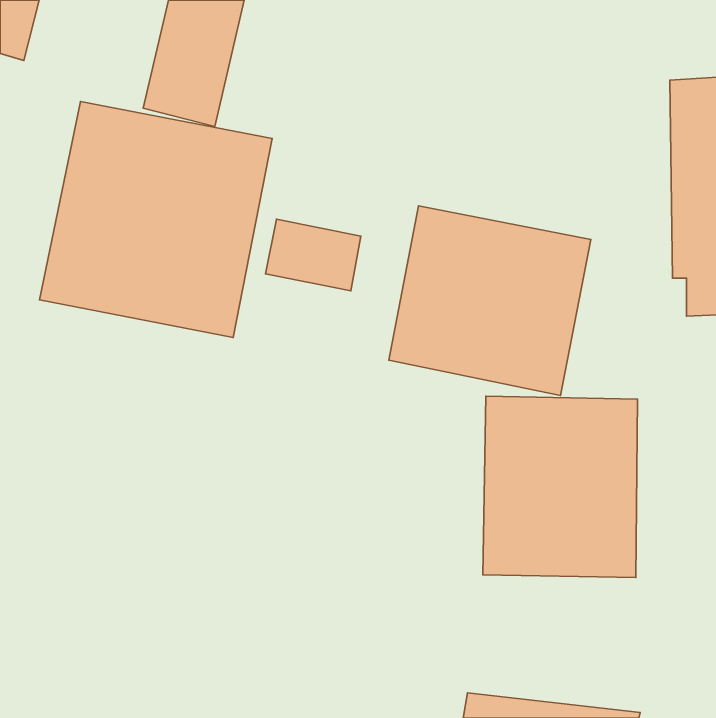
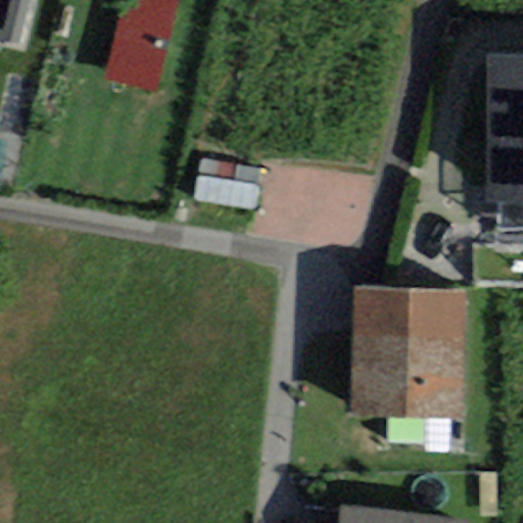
building: [40,101,272,338] -> none
building: [389,206,591,396] -> none

